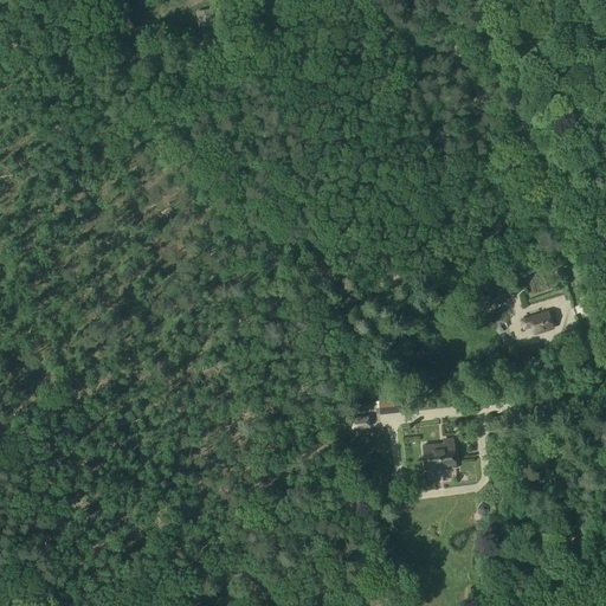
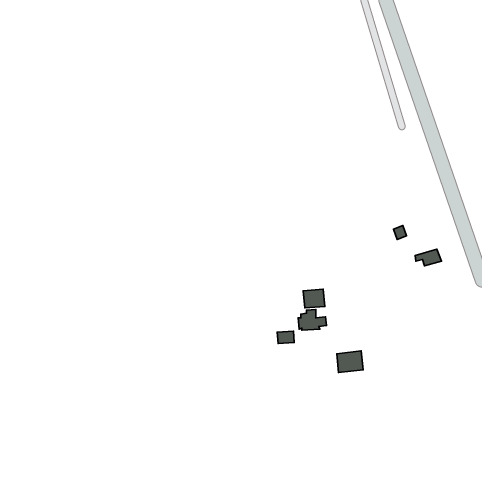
building: none -> [303,289,325,308]

